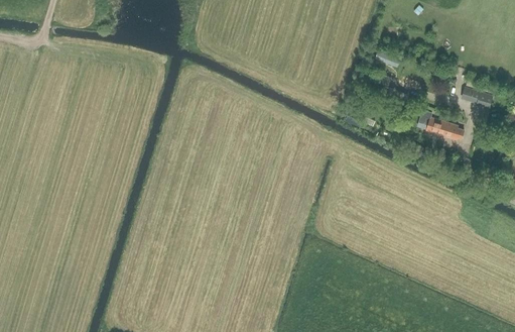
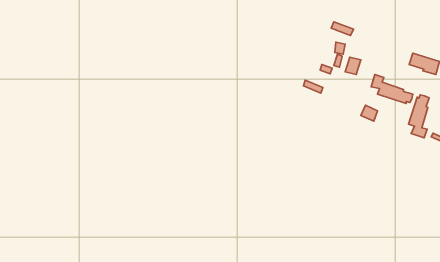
building: none -> [408,95,429,138]

